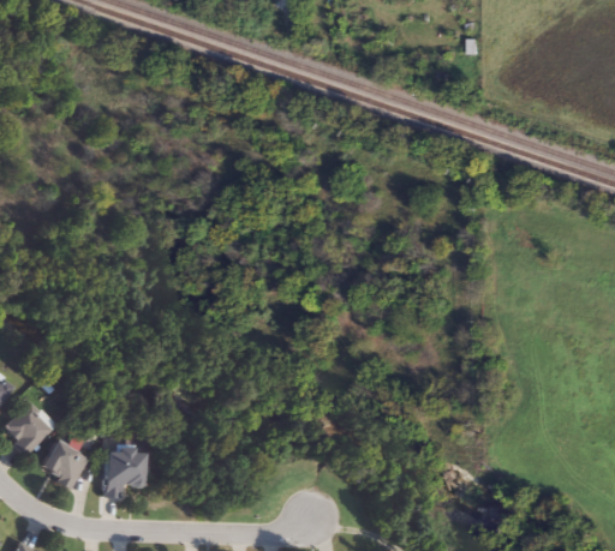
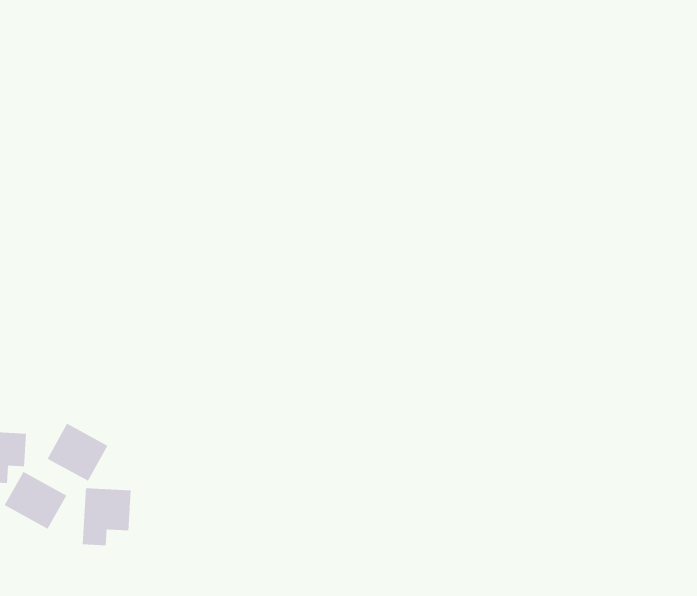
building: none -> [47,423,108,482]

